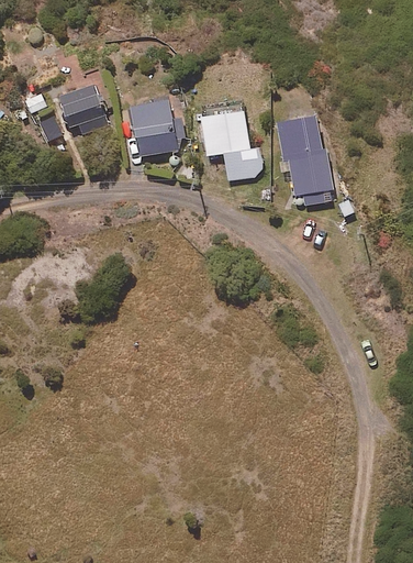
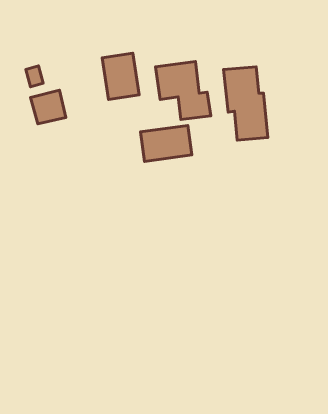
building: [60,86,103,126] -> [31,90,66,124]
building: none -> [140,125,192,161]

